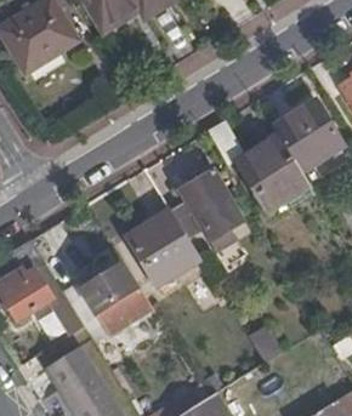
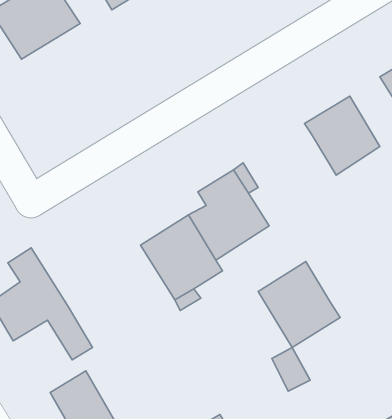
building: [238,137,311,213] -> [258,261,340,348]
building: [64,263,153,343] -> none

